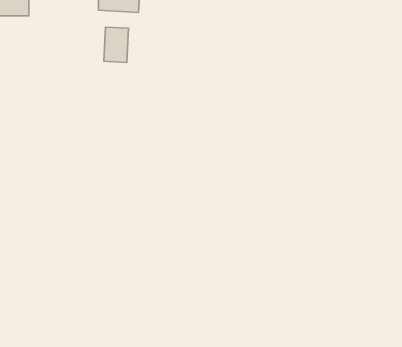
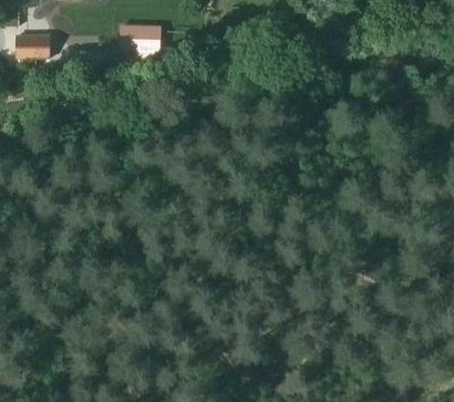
building: [104,27,128,62] -> none

